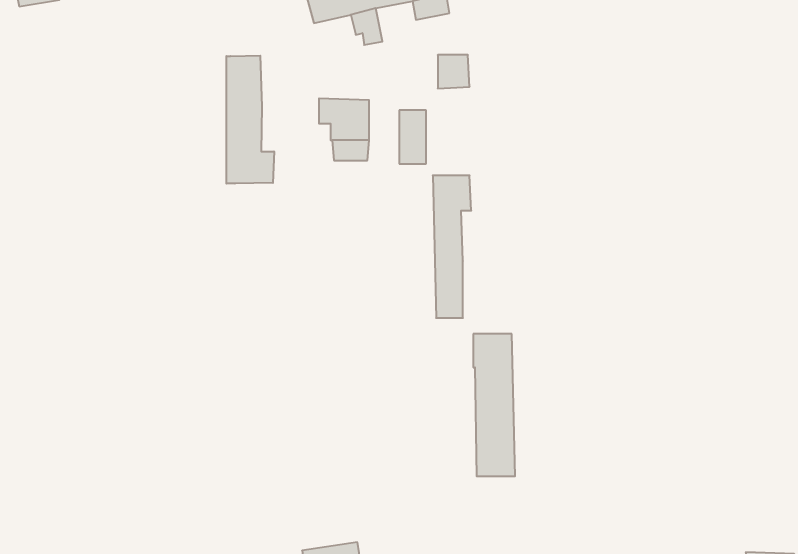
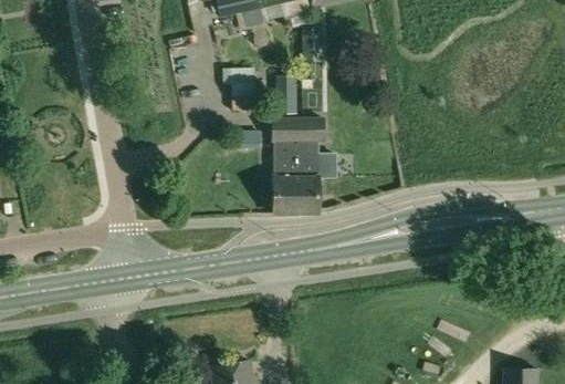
building: [226,56,274,184] -> none
building: [473,334,515,476] -> [273,118,301,212]

